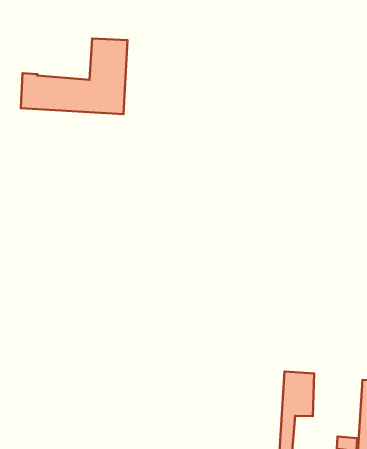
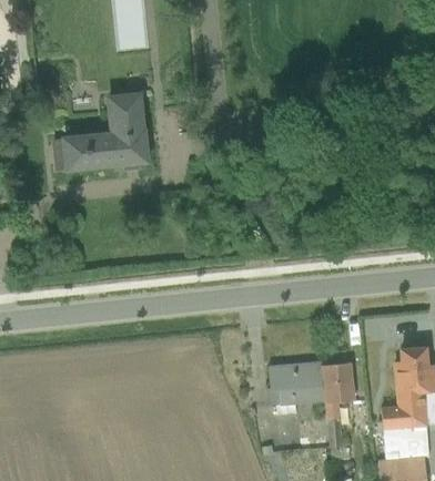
building: none -> [269,362,325,415]

